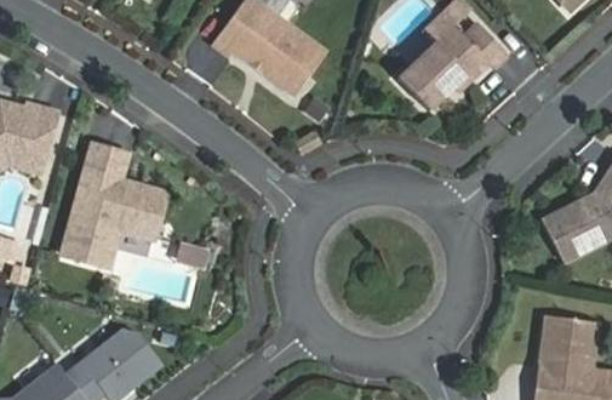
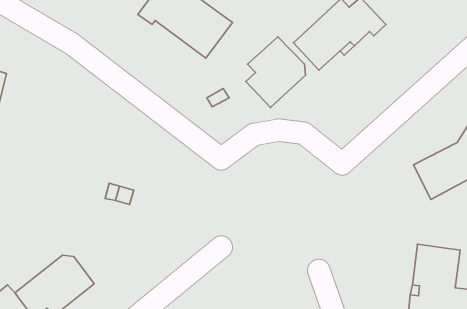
building: none -> [246,37,306,107]
building: [62,144,165,265] -> none

